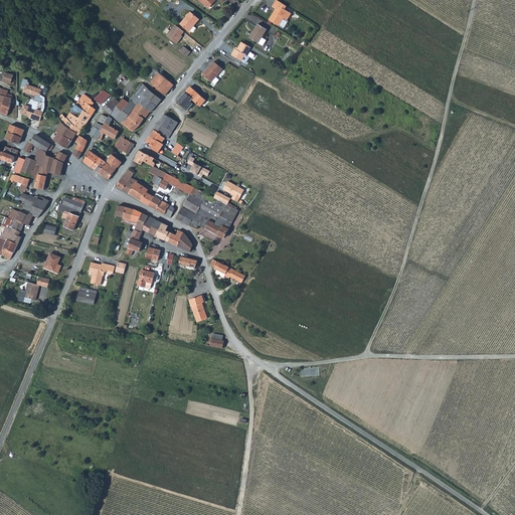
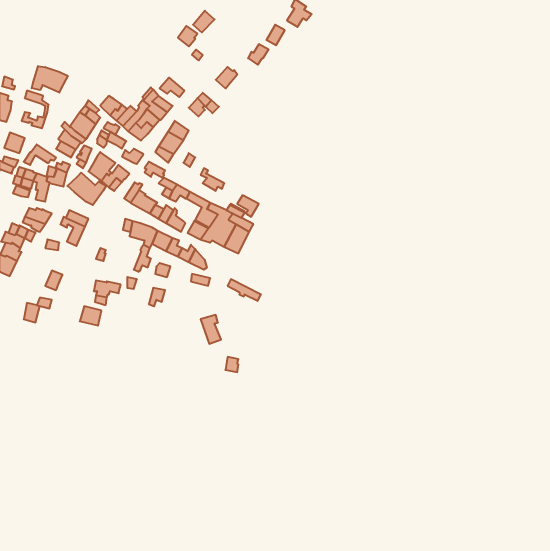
building: none -> [32,66,68,93]
building: none -> [67,173,106,205]

